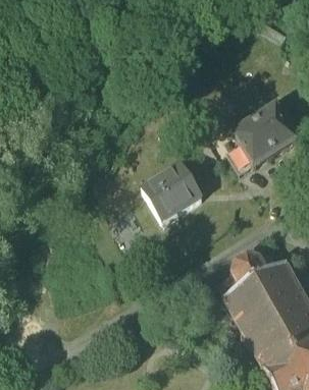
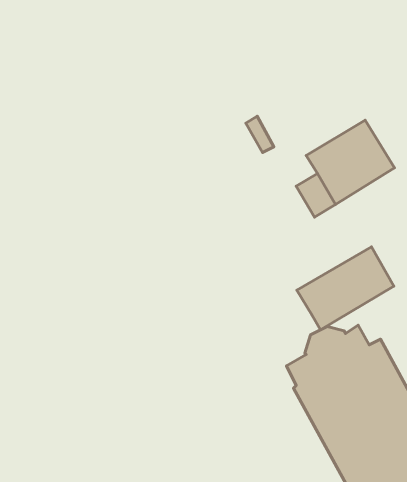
building: [142,158,203,218] -> none
building: none -> [297,247,394,330]

